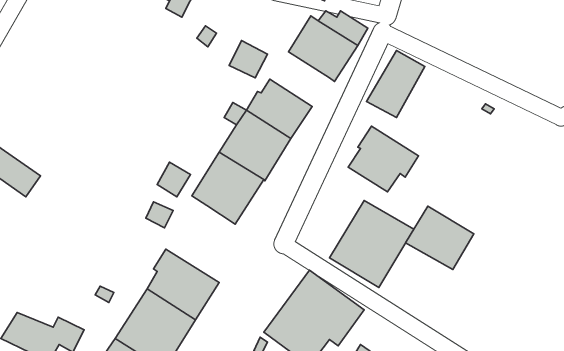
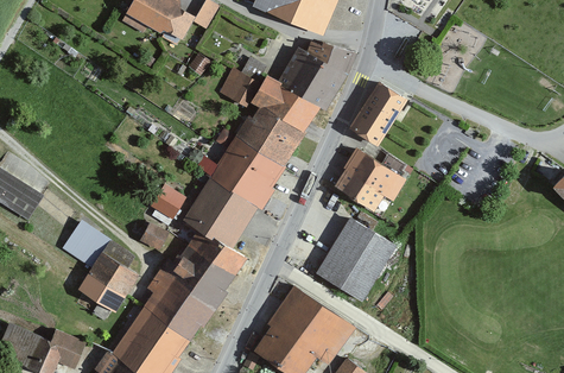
building: none -> [252,72,318,131]
building: none -> [64,221,138,309]
building: none -> [161,226,242,299]
building: [406,206,474,269] -> none

